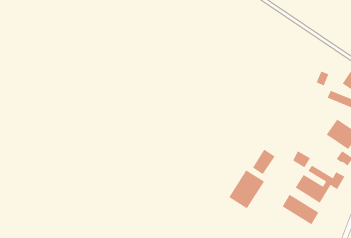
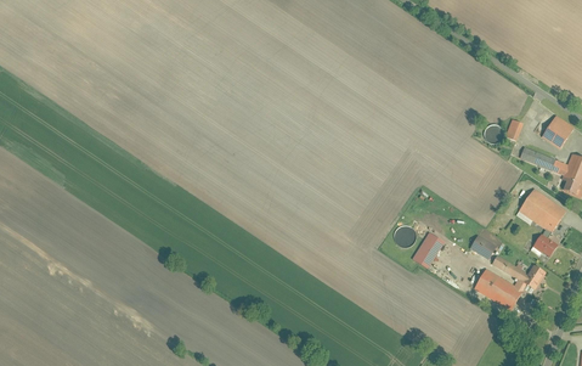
building: [228,170,265,209] -> none
building: [282,194,319,225] -> none

